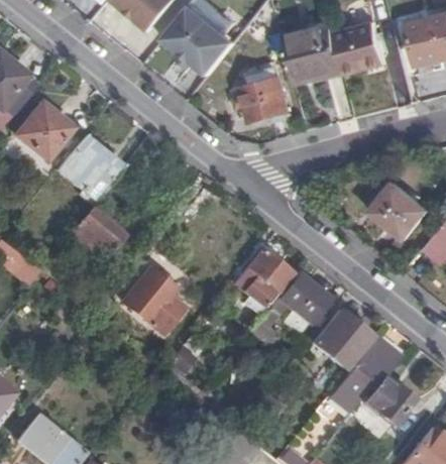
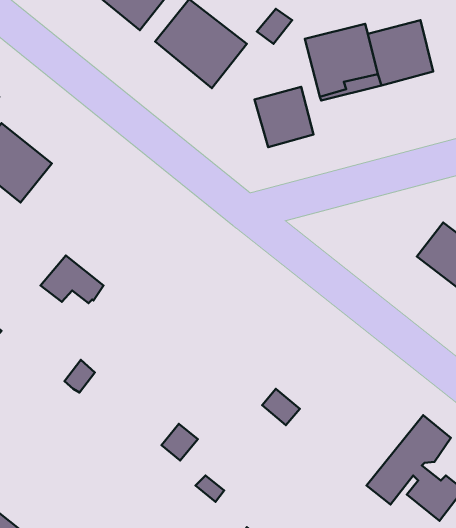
building: [55,137,119,200] -> none
building: [235,251,290,307] -> none
building: [121,267,179,332] -> none
building: [282,274,328,329] -> none
building: [315,312,371,368] -> none

